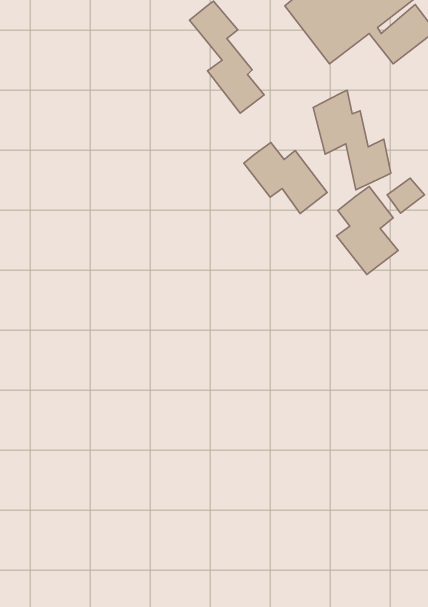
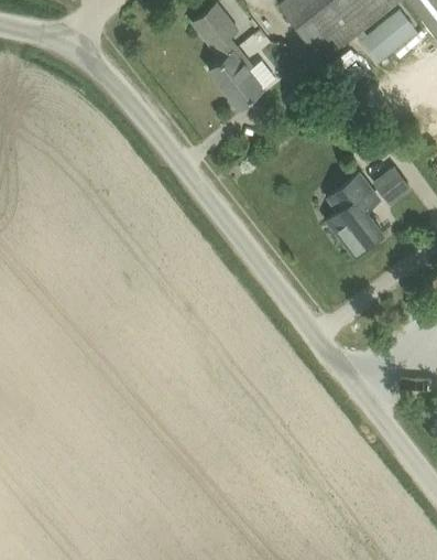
building: [313,90,391,190] -> none
building: [244,142,327,213] -> none

